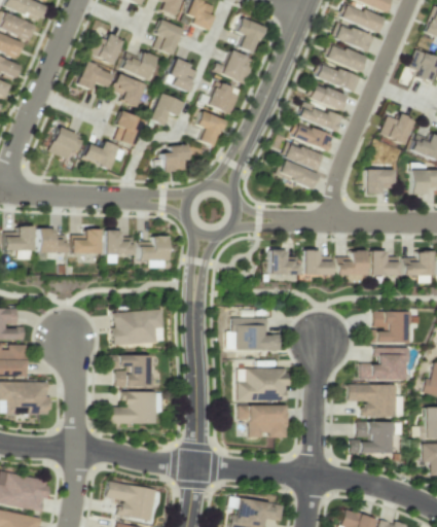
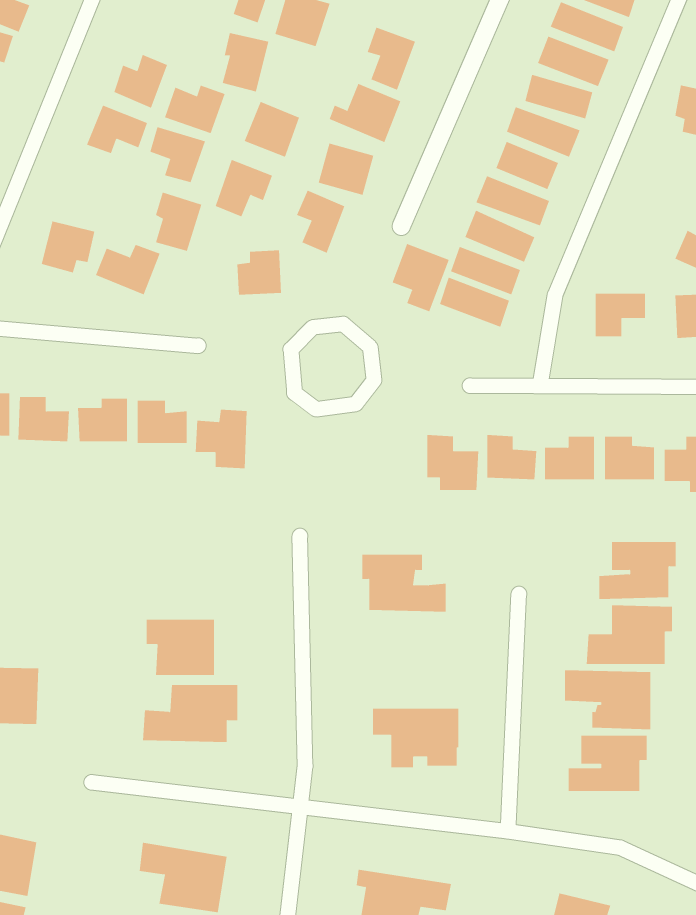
building: [381,115,413,144] -> none
building: none -> [392,243,450,312]
building: [114,310,166,345] -> none
building: [240,368,288,401] -> none

